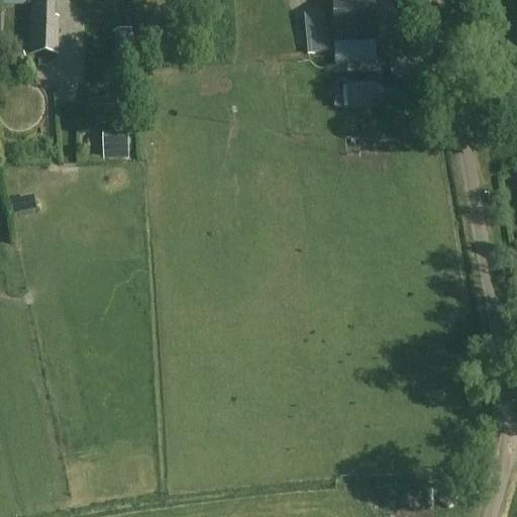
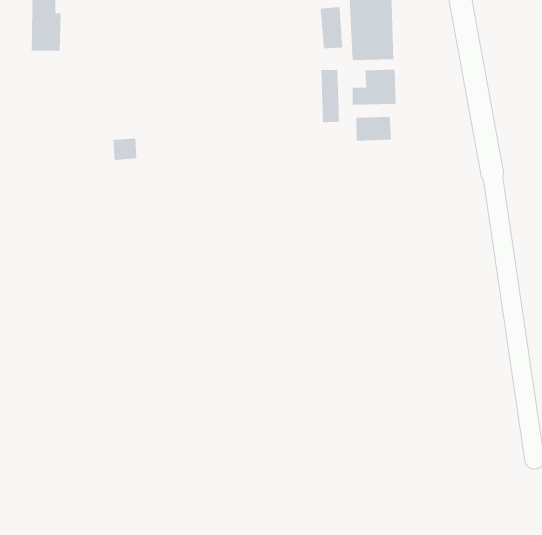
building: none -> [321,69,340,123]
building: none -> [356,116,391,141]

